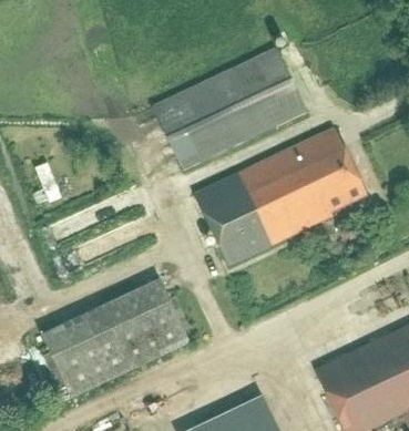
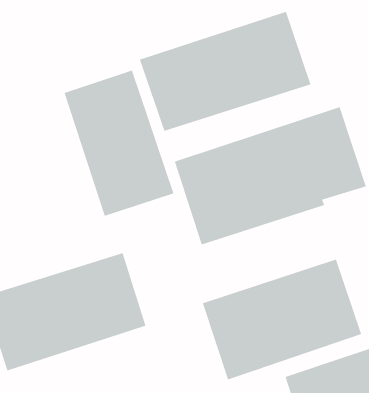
building: none -> [63,70,175,217]
building: none -> [202,258,362,381]

